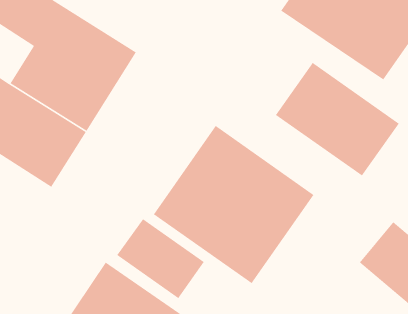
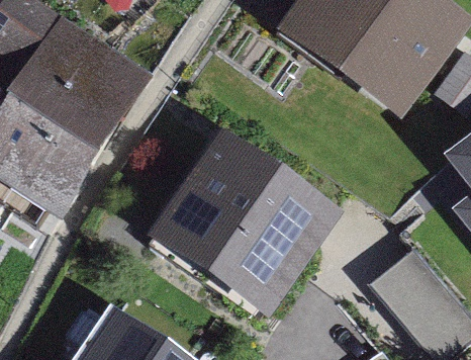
building: [275,62,400,177] -> none
building: [116,218,205,299] -> none

